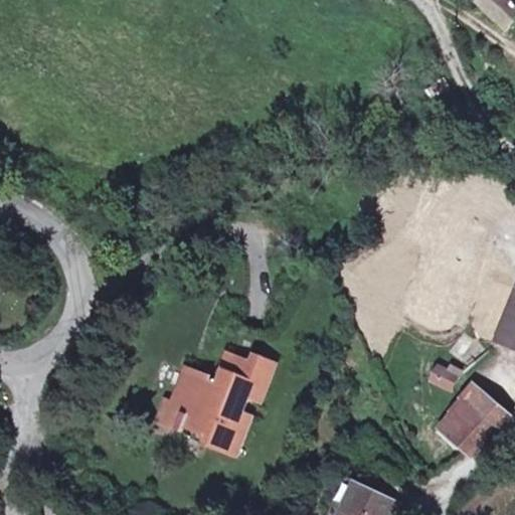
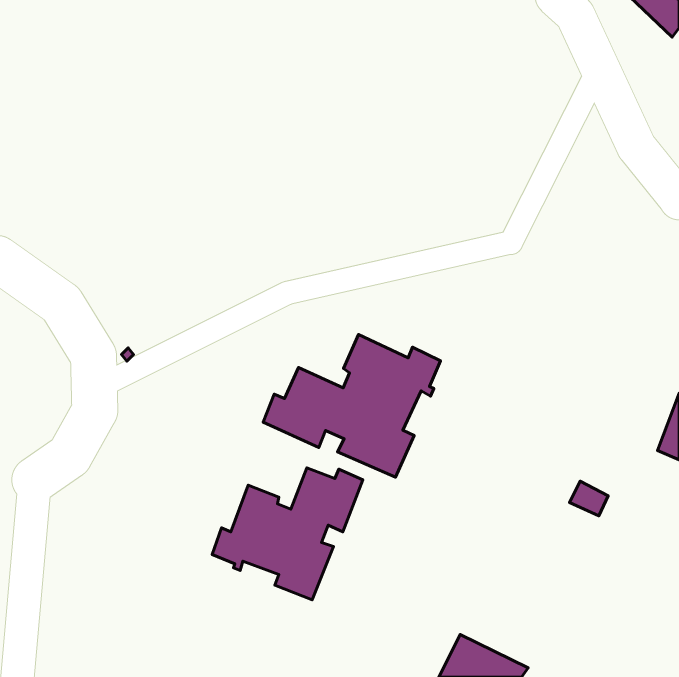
building: none -> [263,334,441,477]
building: [440,388,507,455] -> none

